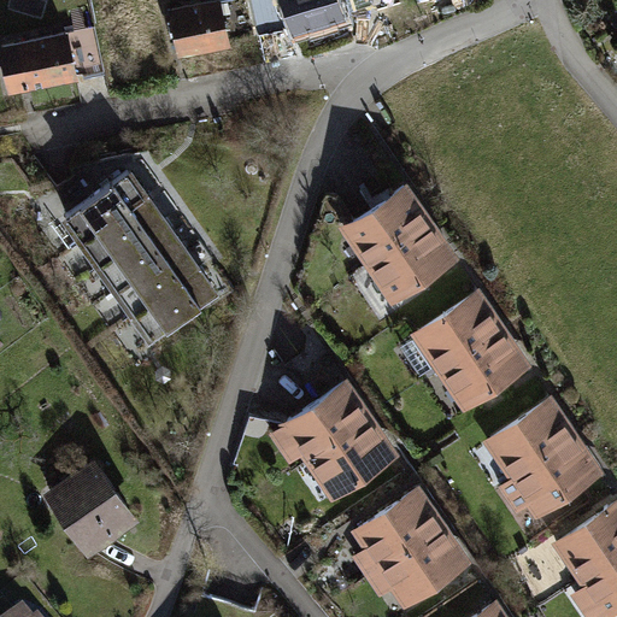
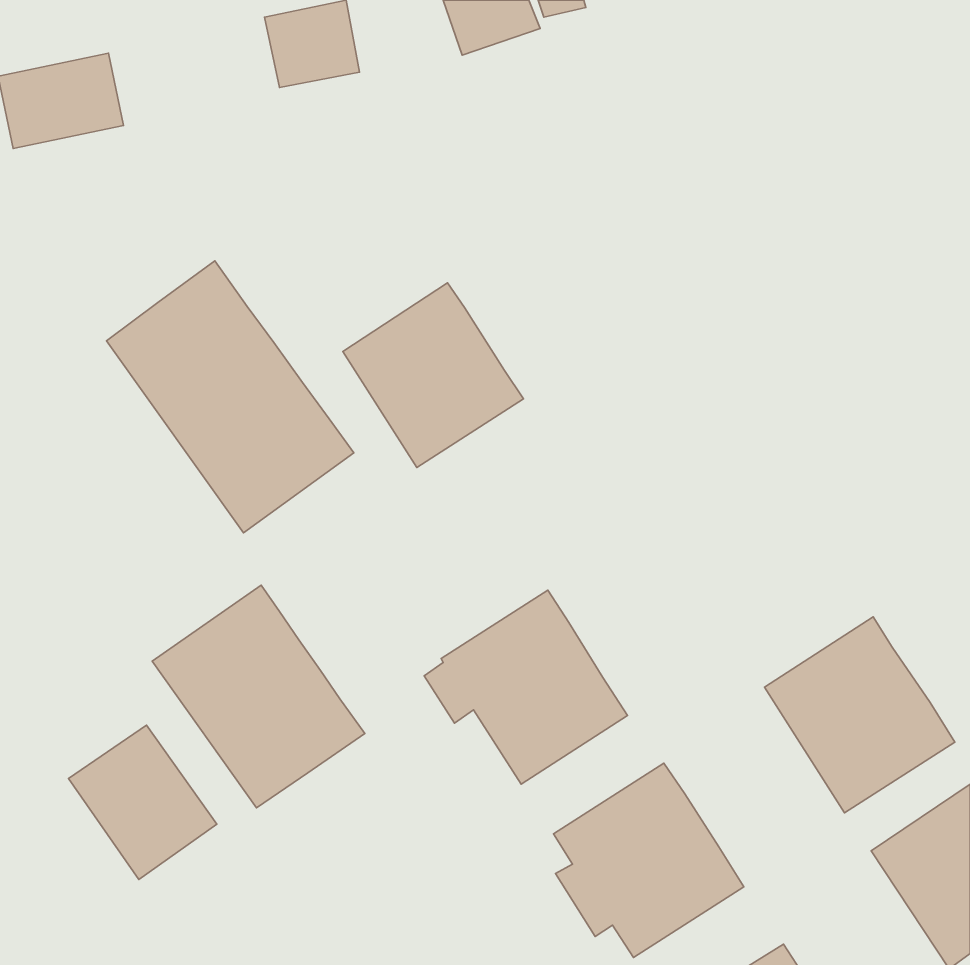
building: [340,186,454,302] -> [343,283,523,467]
building: [411,288,531,411] -> none
building: none -> [152,585,365,808]

